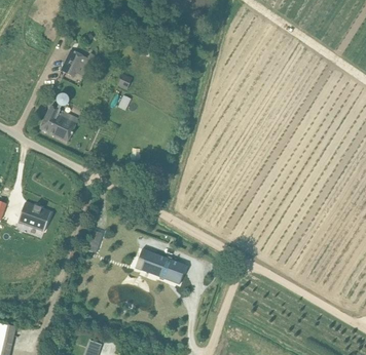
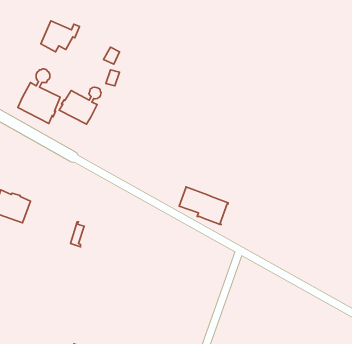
building: none -> [59,87,101,124]
building: [141,249,185,283] -> [179,187,228,224]

